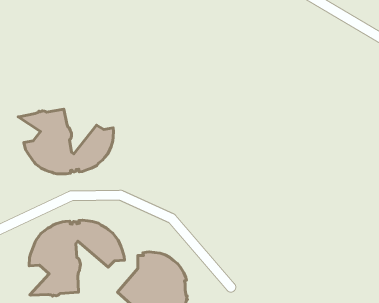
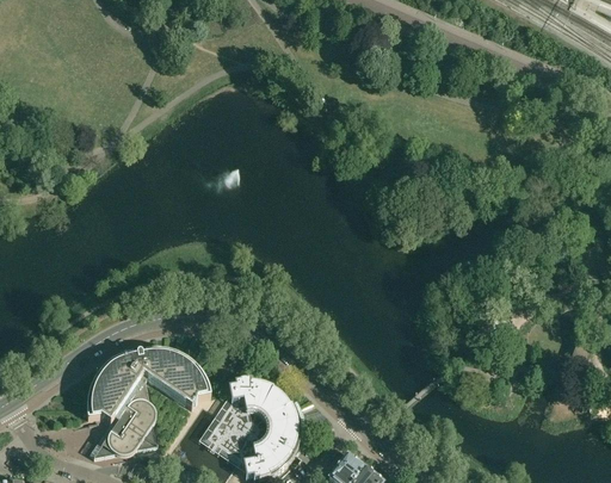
building: [18,109,114,174] -> none

